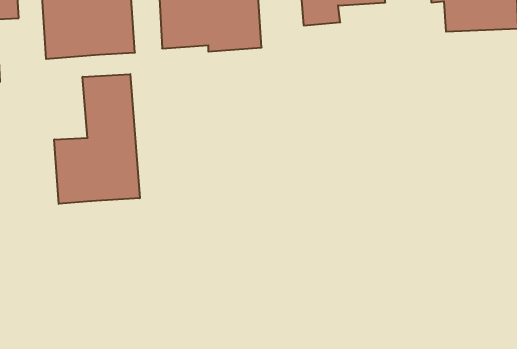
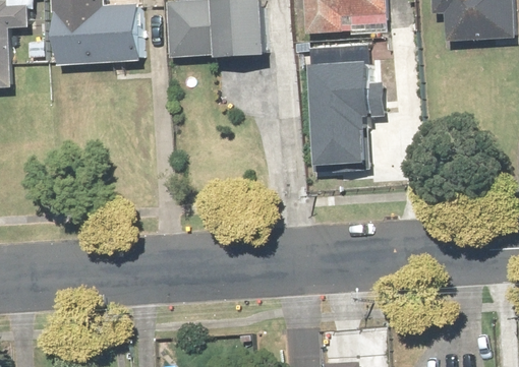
building: none -> [310,40,384,166]
building: [54,74,140,204] -> none

